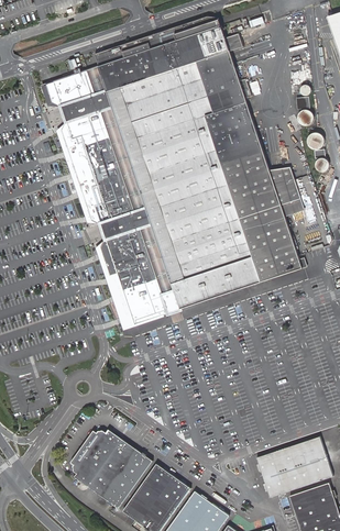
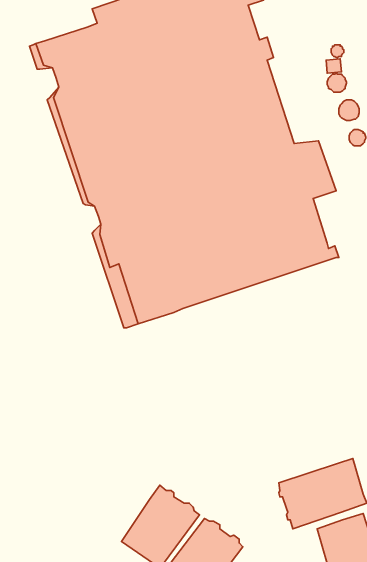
building: [69,428,150,508] -> none

